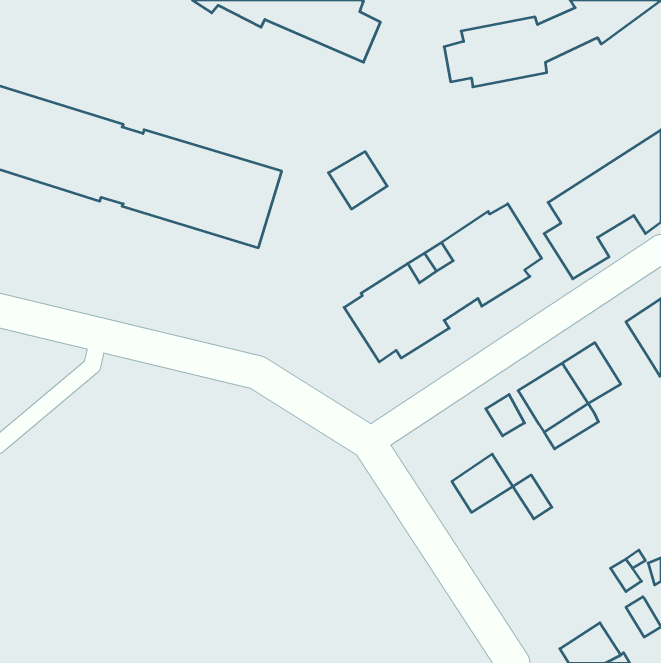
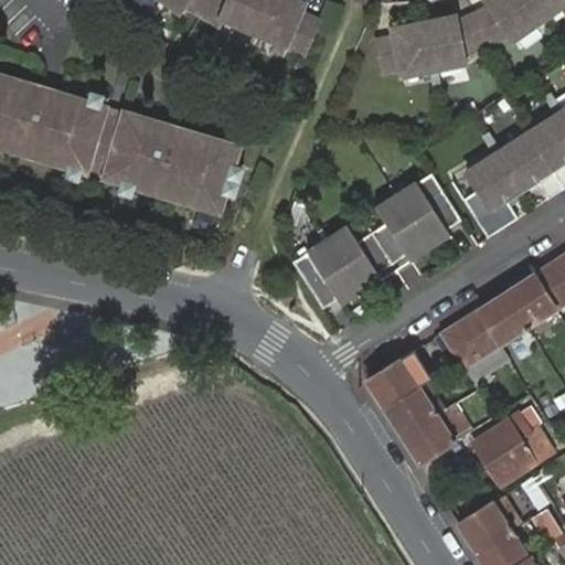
building: [328,152,387,209] -> none
building: none -> [505,274,554,327]
building: none -> [365,359,418,409]
building: none -> [472,413,553,486]
building: none -> [401,414,454,463]
building: none -> [457,502,510,552]

